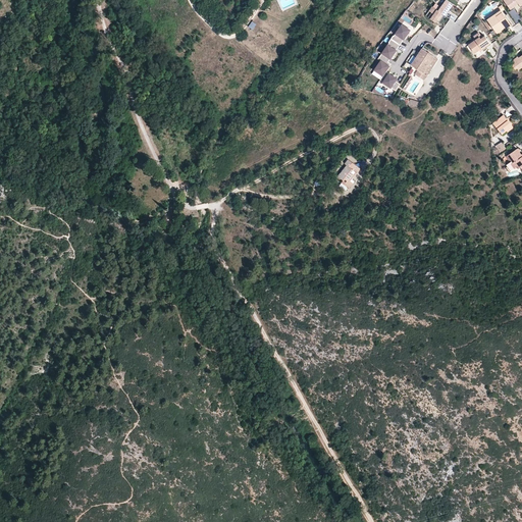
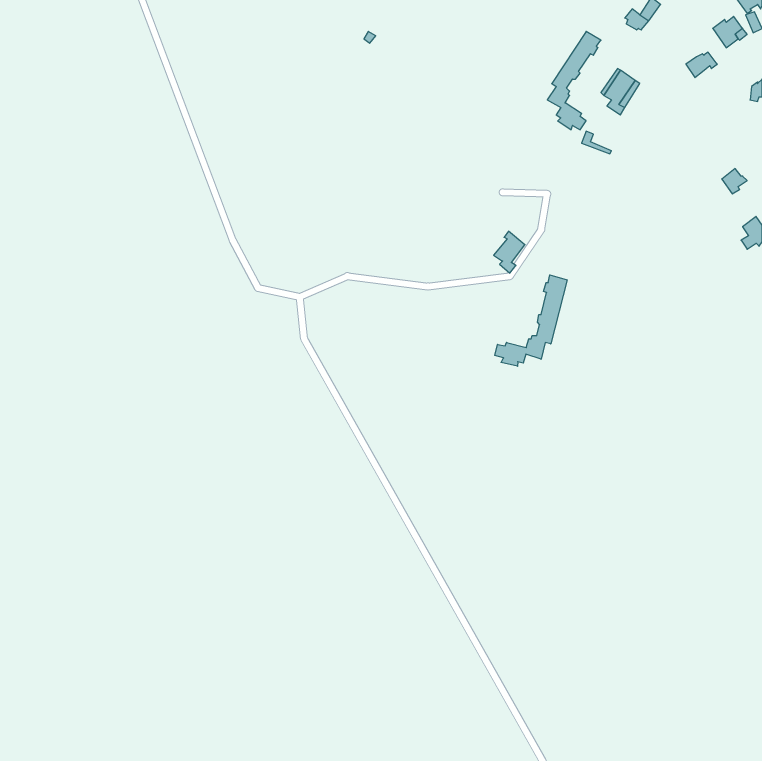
building: none -> [495,275,567,366]

